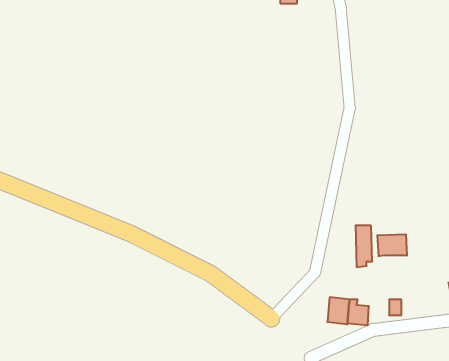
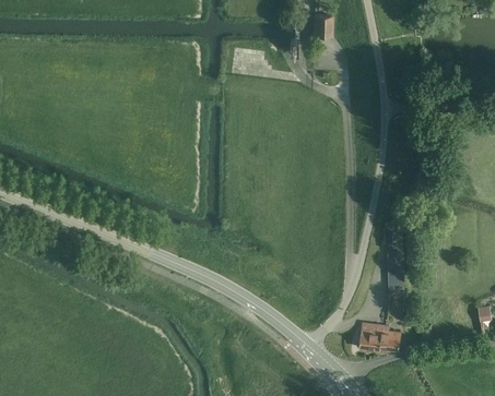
building: [378,234,407,256] -> none

